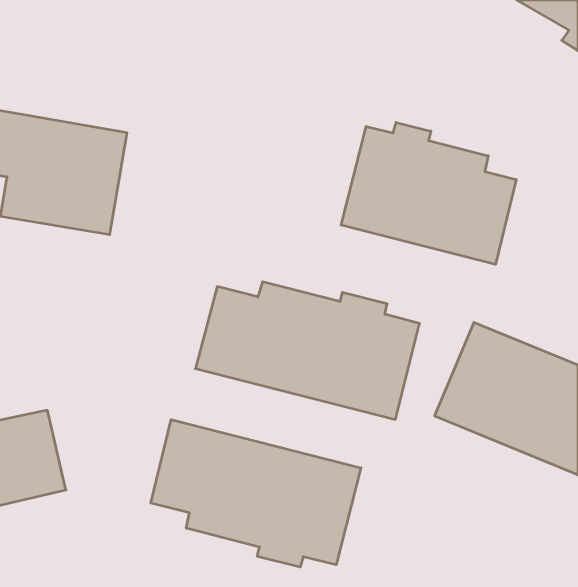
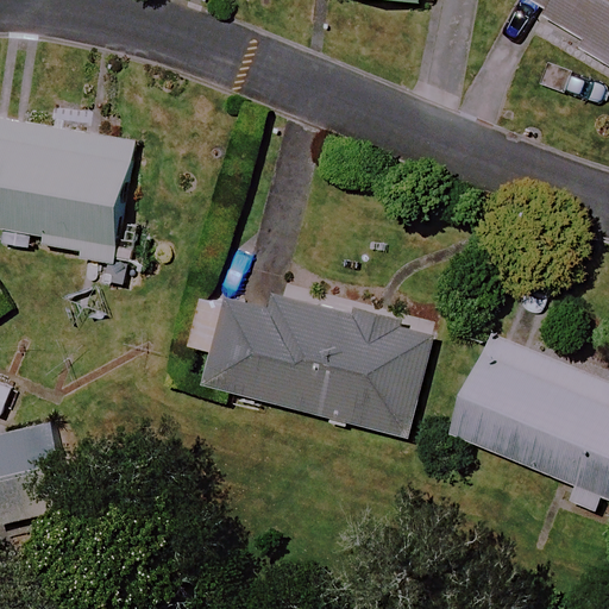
building: [341,122,516,264] -> none
building: [151,420,361,567] -> none

